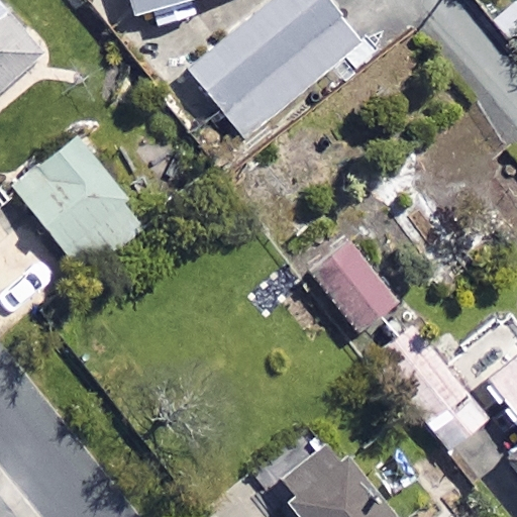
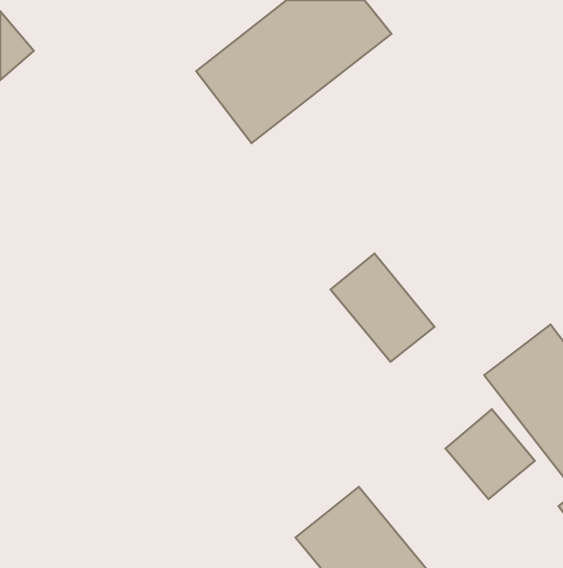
building: [18,140,146,273] -> none

